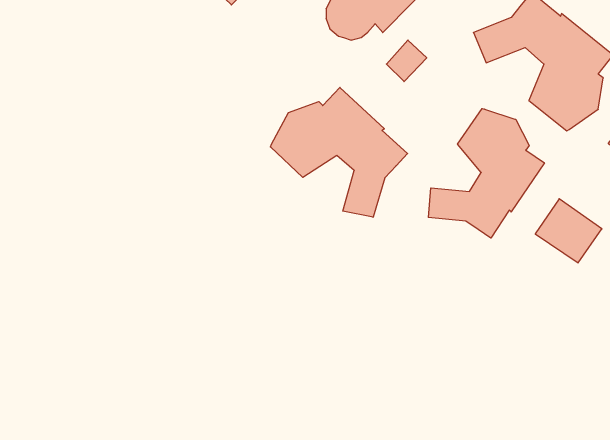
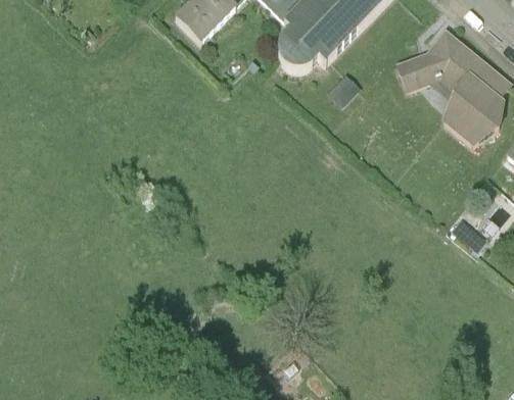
building: [270,87,408,217] -> none
building: [428,109,544,238] -> none

